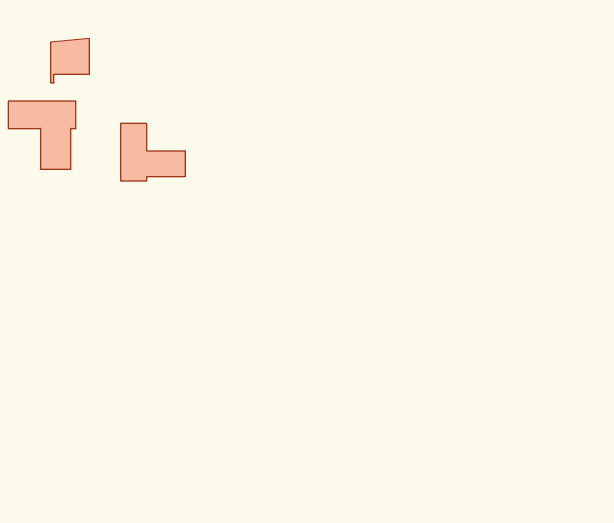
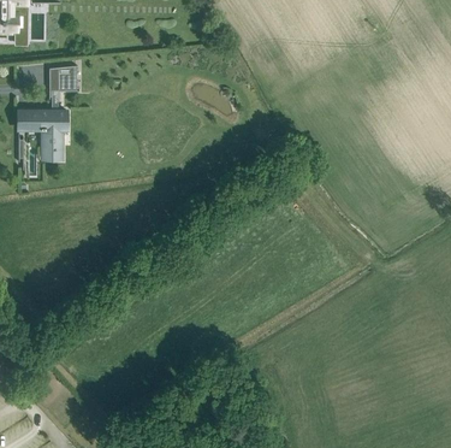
building: [121,123,185,181] -> none

